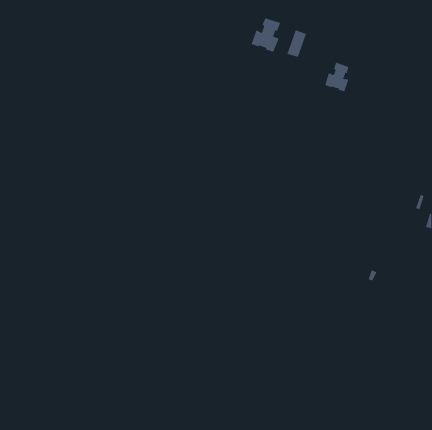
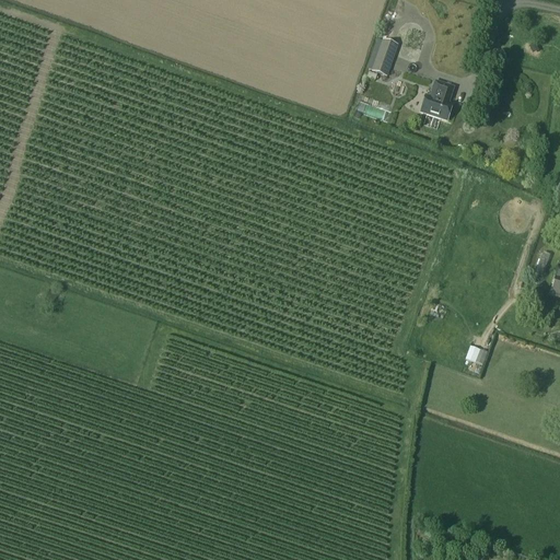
building: [251,18,281,52] -> none

